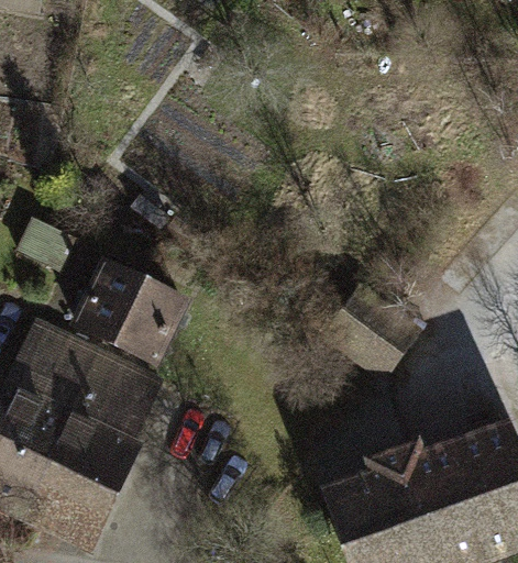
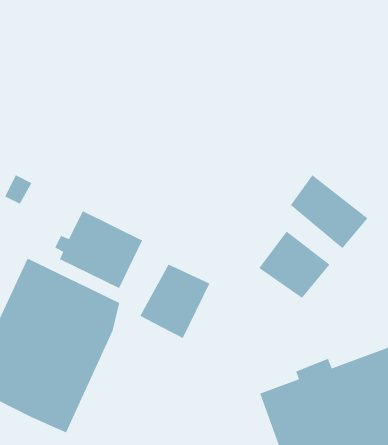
building: none -> [290,174,368,249]
building: none -> [139,264,211,339]

